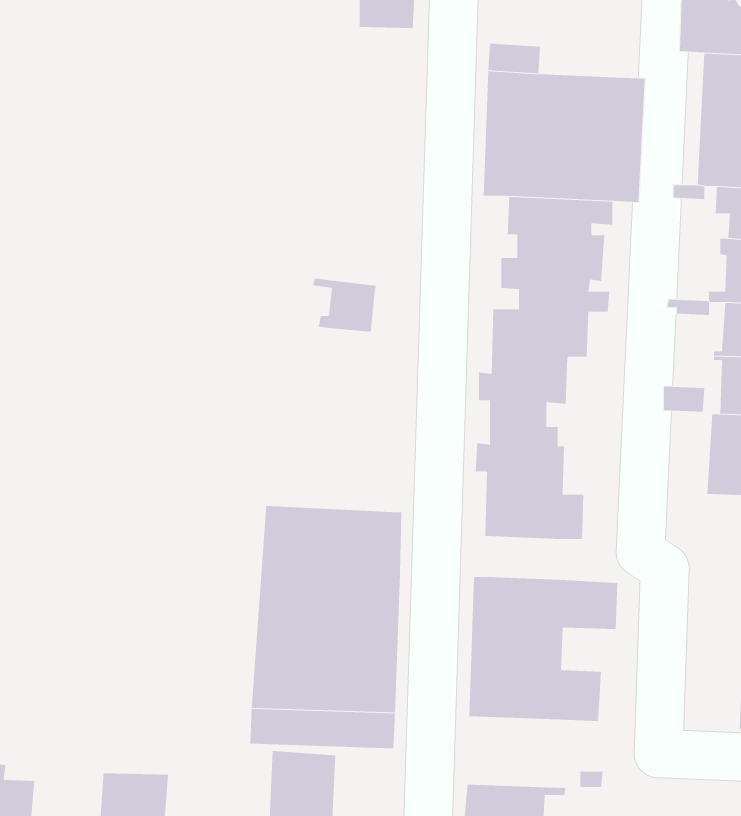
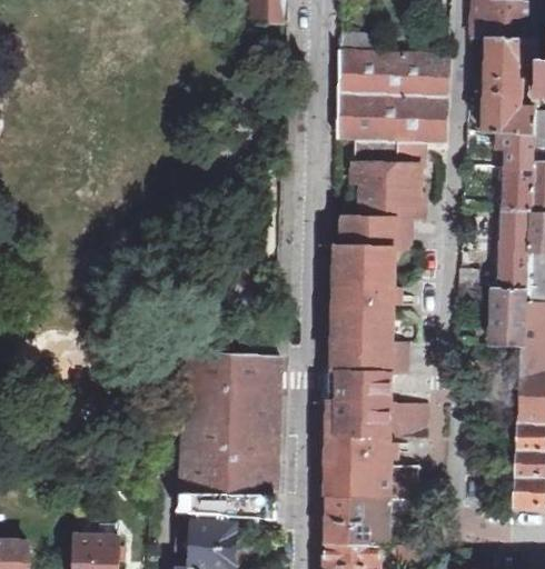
building: [313,278,376,332] -> none
building: none -> [337,372,390,402]
building: none -> [325,497,388,546]

